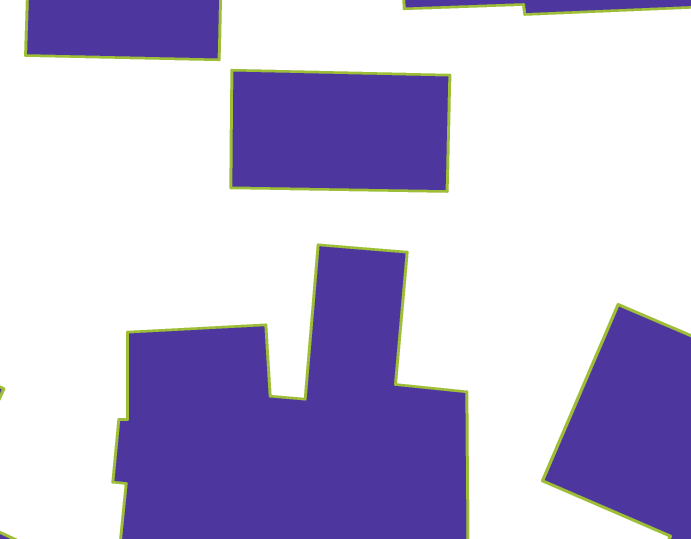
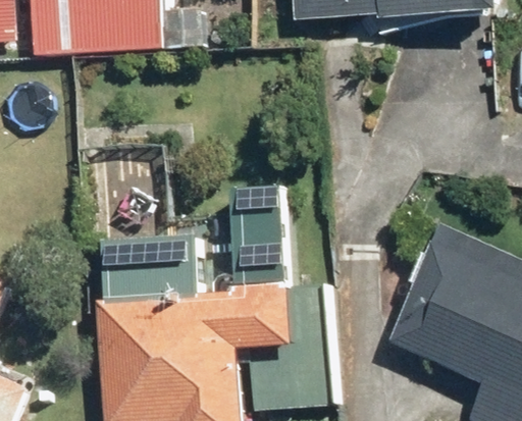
building: [231,70,450,191] -> none

